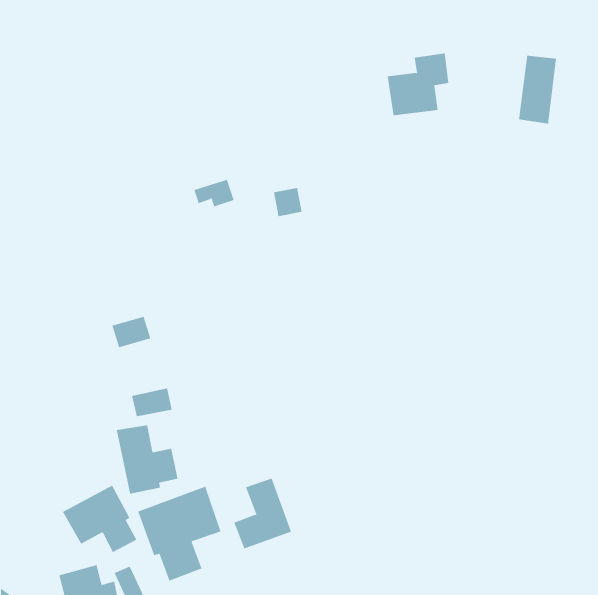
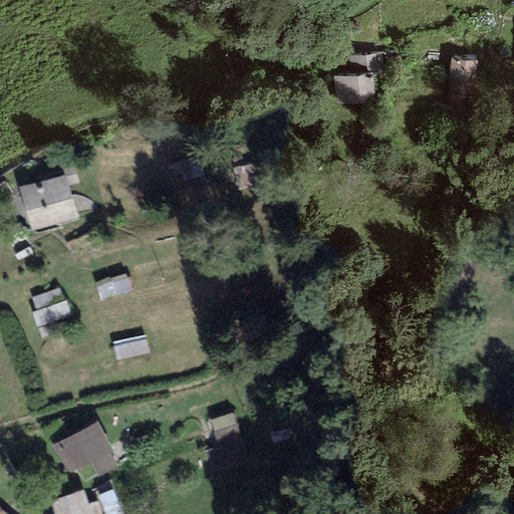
building: none -> [18,167,80,232]
building: none -> [31,288,72,326]
building: [116,424,178,494] -> none
building: [137,486,221,581] -> none

